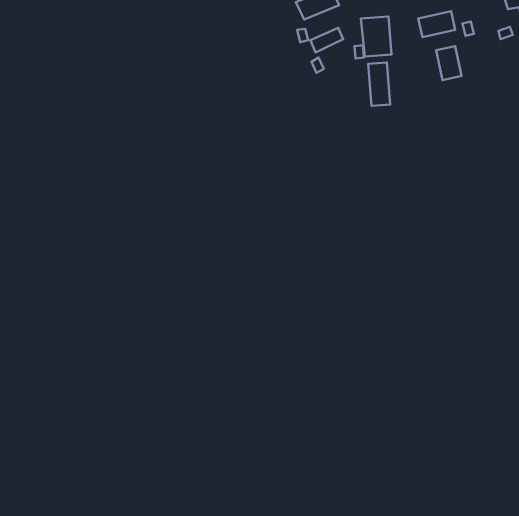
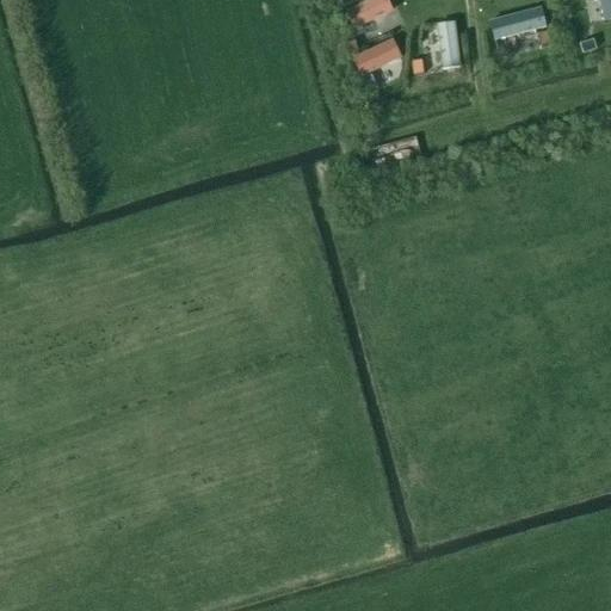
building: [436,46,462,80] -> none
building: [368,63,390,106] -> none

